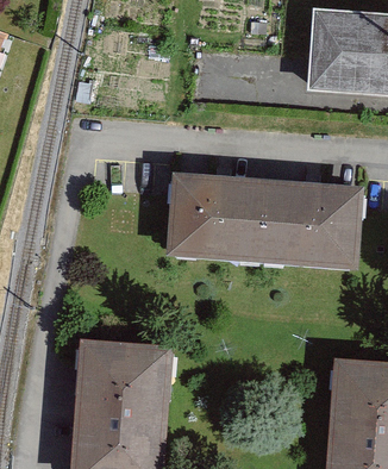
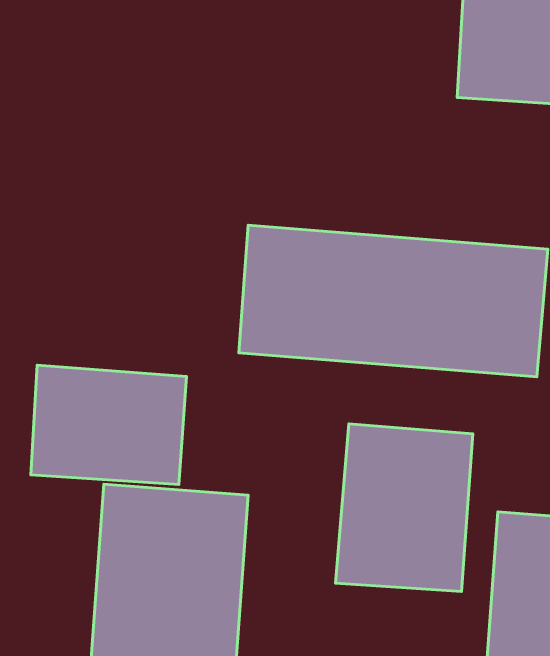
building: none -> [31,365,187,484]
building: none -> [335,424,473,592]

